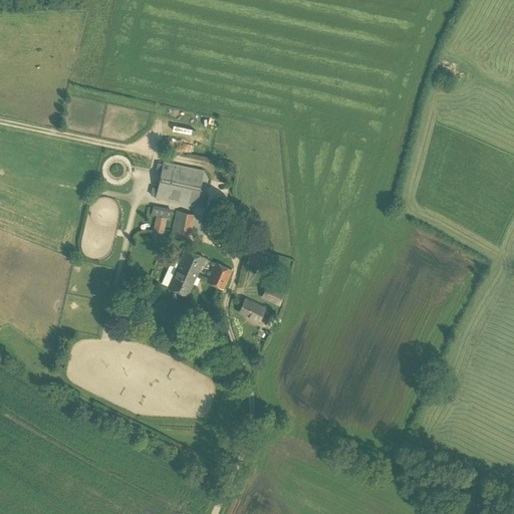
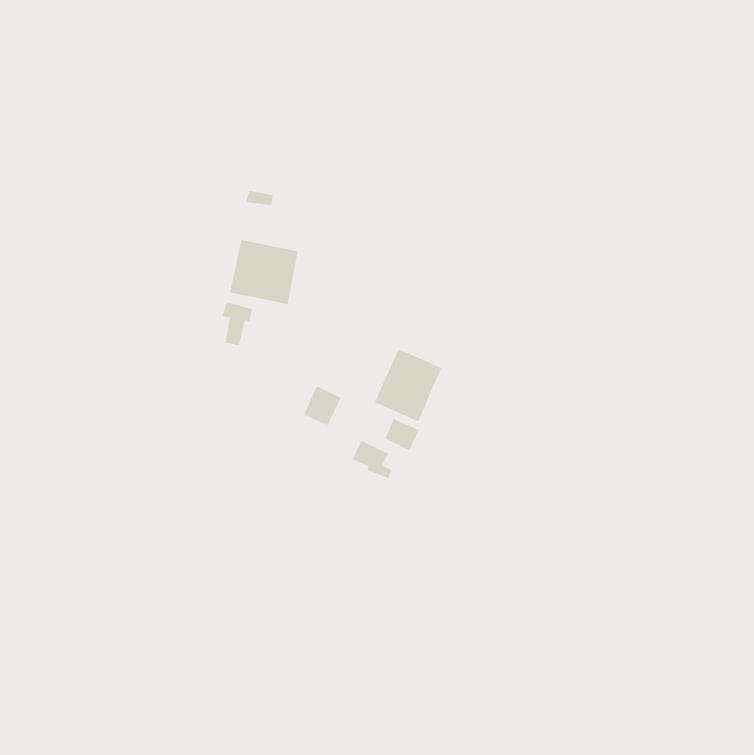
building: [171,211,196,240] -> none
building: none -> [374,348,442,422]
building: [169,249,205,296] -> none

